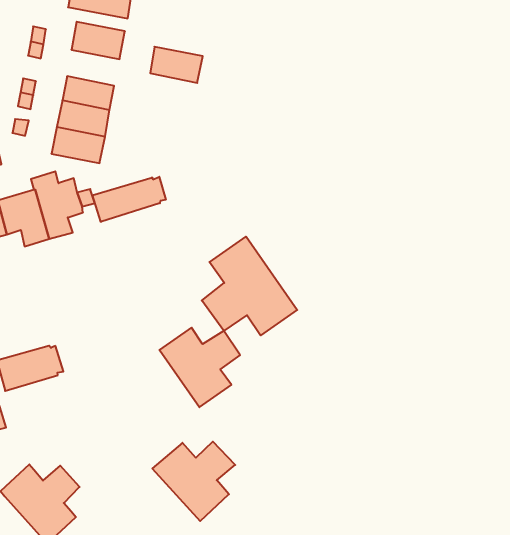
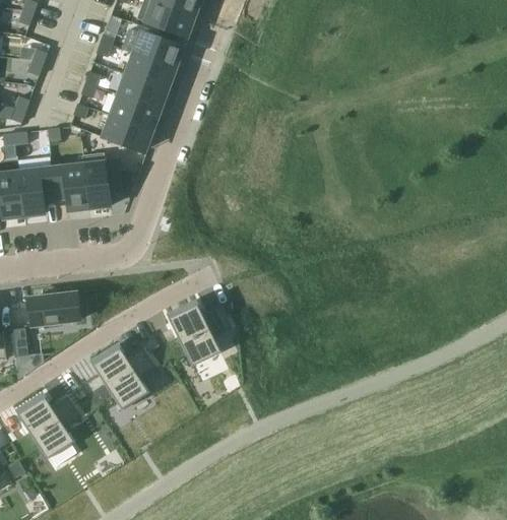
building: [150,47,203,83] -> [126,54,172,89]
building: [92,177,166,222] -> none
building: [202,237,297,335] -> none
building: [152,442,235,521] -> [89,342,159,409]

